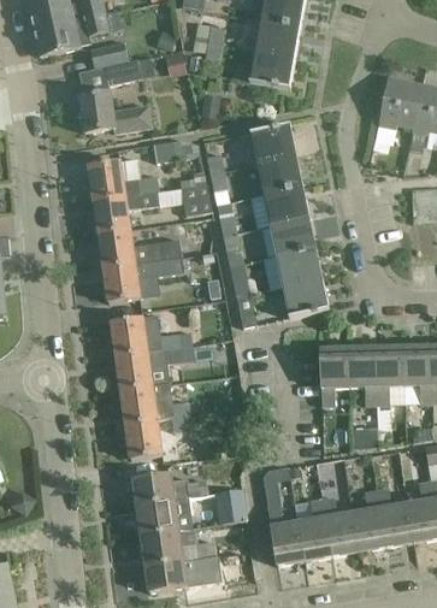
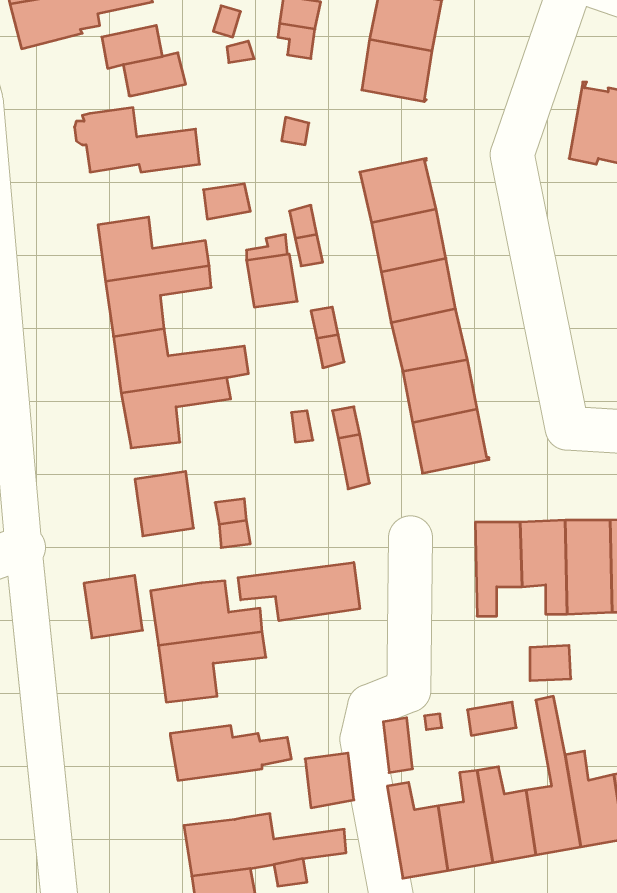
building: [116,352,152,390] -> [84,575,143,638]
building: none -> [238,562,360,621]
building: [137,500,191,535] -> none

